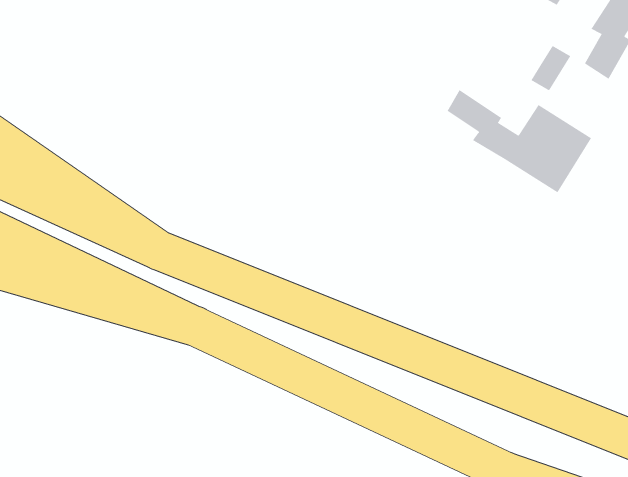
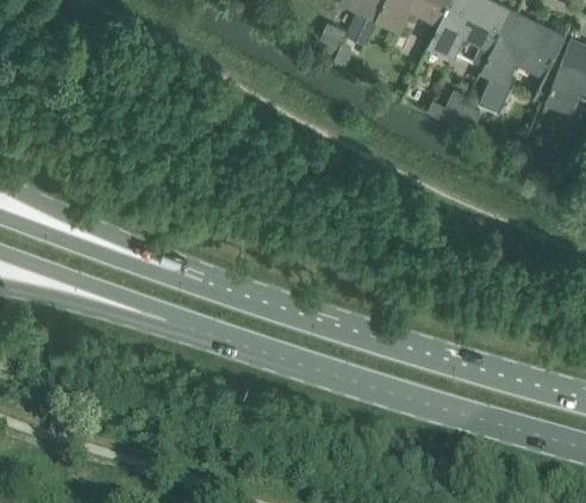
building: [447,89,592,193] -> none

